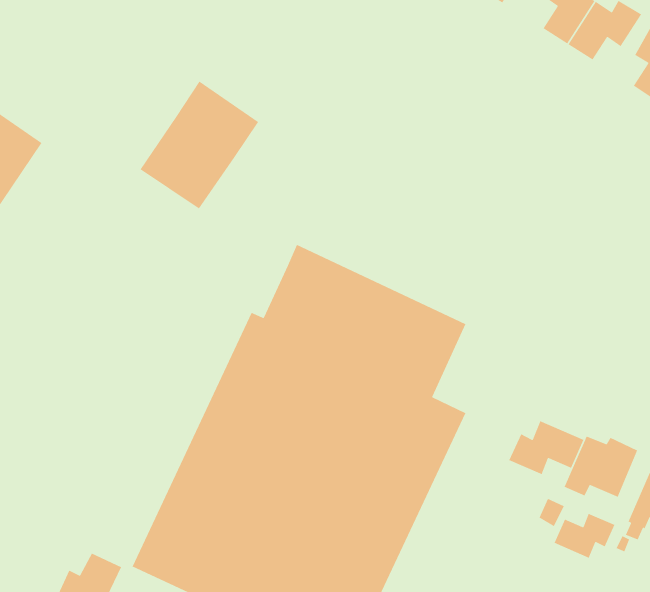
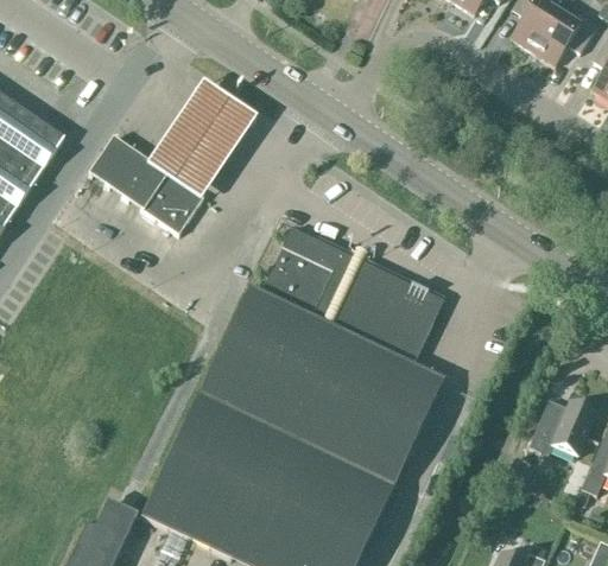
building: none -> [88,135,203,233]
building: [508,420,584,475] -> none
building: [554,513,615,559] -> none

